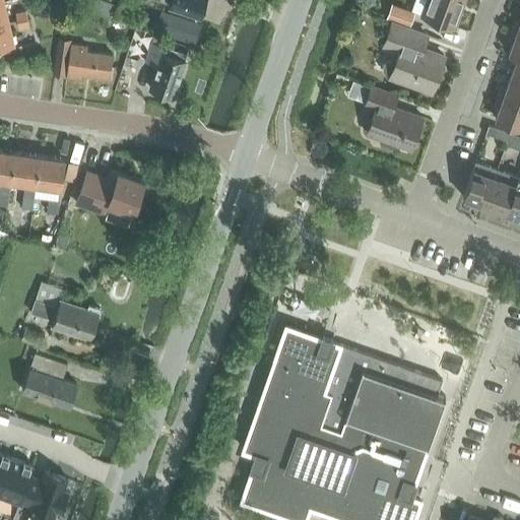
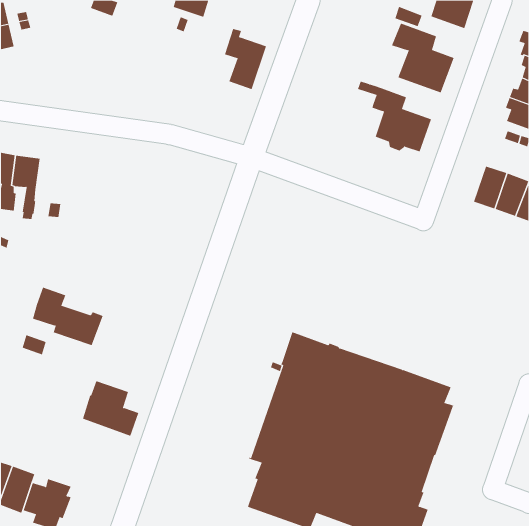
building: [146,40,188,100] -> [224,29,267,90]
building: [55,41,113,81] -> none
building: [36,158,65,192] -> none
building: [77,173,144,217] -> none
building: [22,355,78,410] -> [82,381,139,437]

